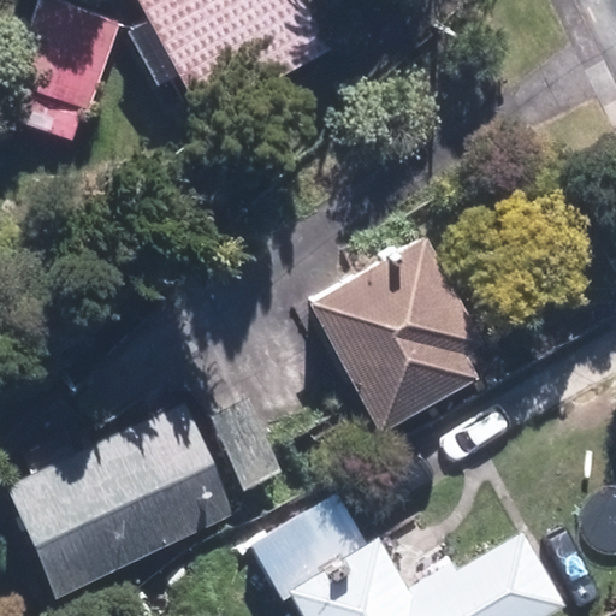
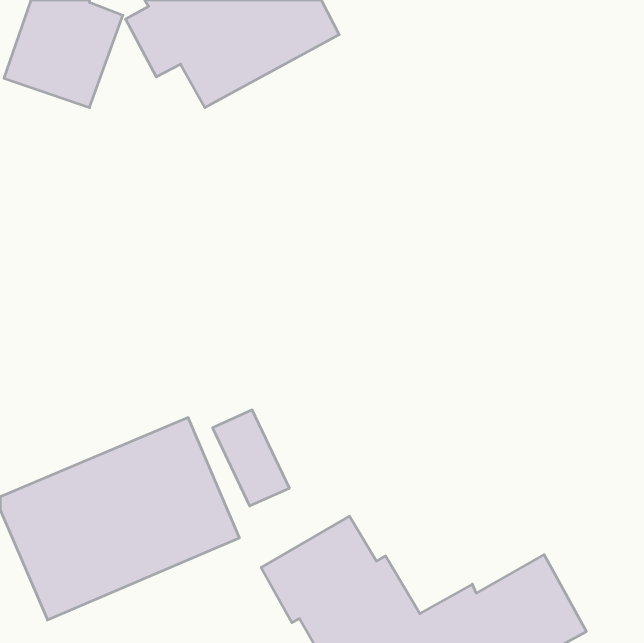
building: [308,233,481,430] -> none

